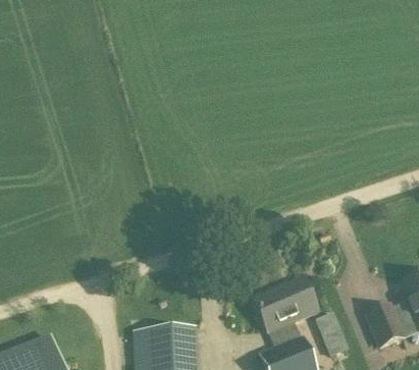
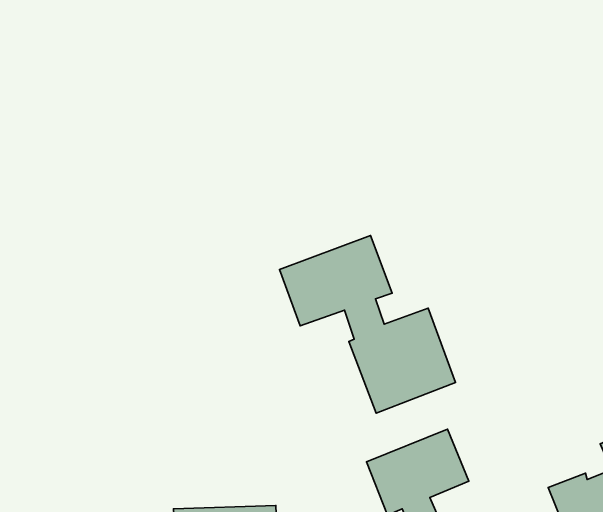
building: none -> [280,235,455,413]

